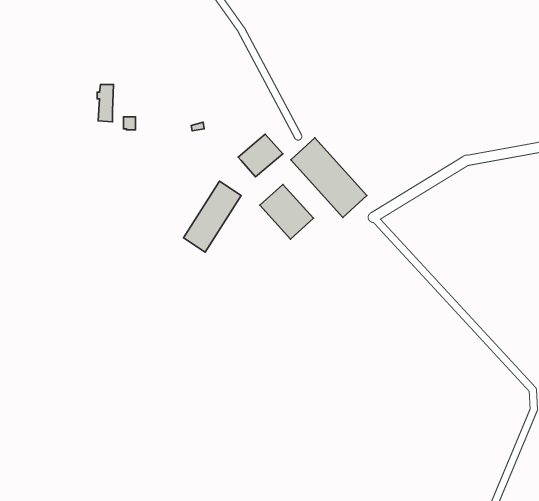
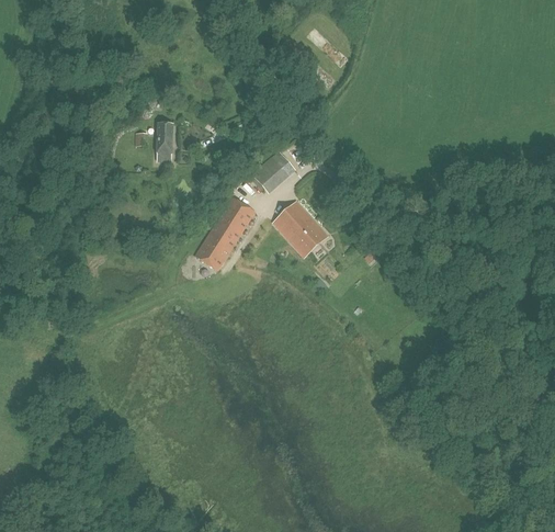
building: [97,85,114,122] -> [156,124,172,161]
building: [291,138,367,218] -> none

